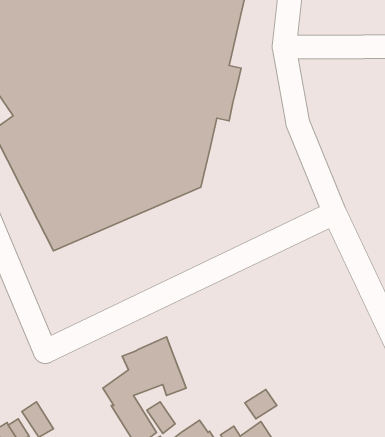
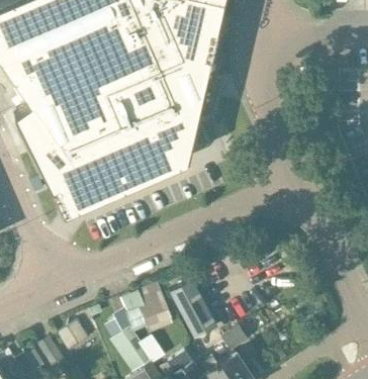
building: none -> [170,280,217,339]
building: none -> [58,320,89,351]

